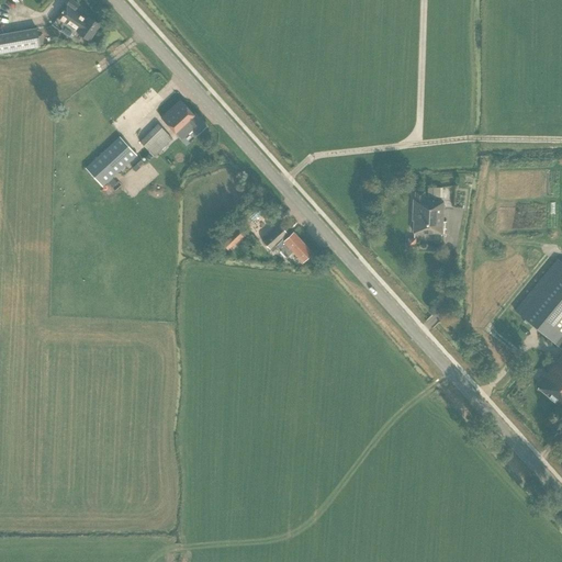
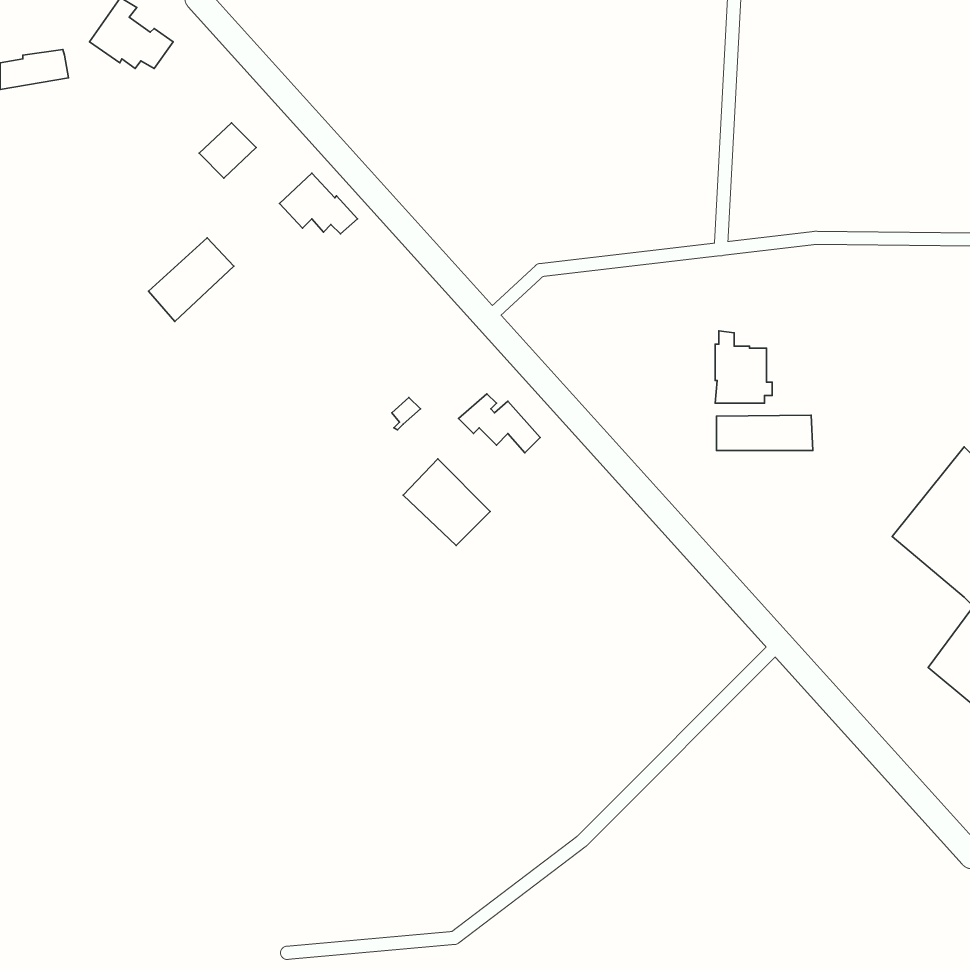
building: [140,123,173,155] -> [199,123,256,178]
building: none -> [717,415,813,451]
building: none -> [403,459,490,546]

